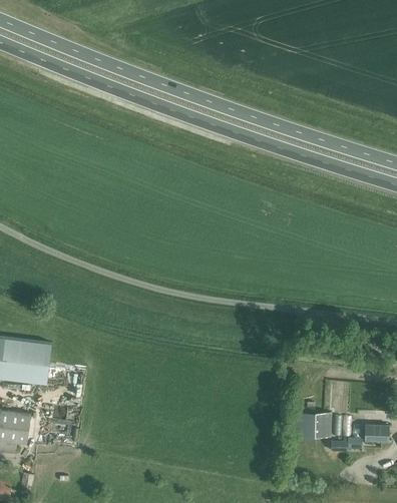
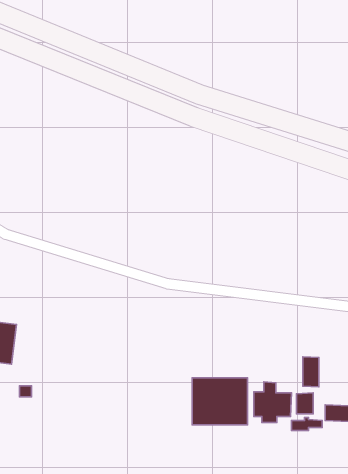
building: none -> [303,357,319,387]
building: none -> [192,378,248,425]

